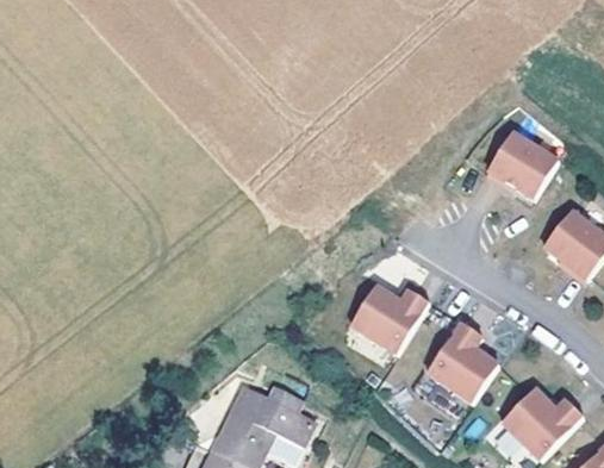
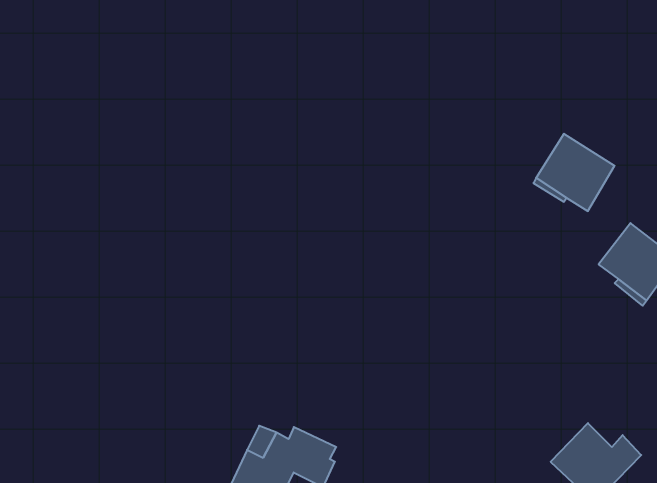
building: [351,283,429,350] -> none
building: [426,320,497,400] -> none

